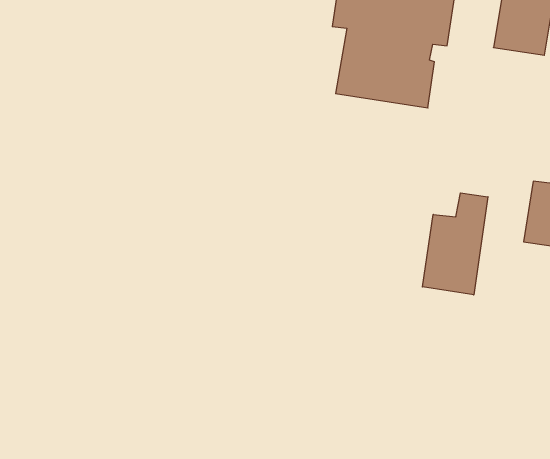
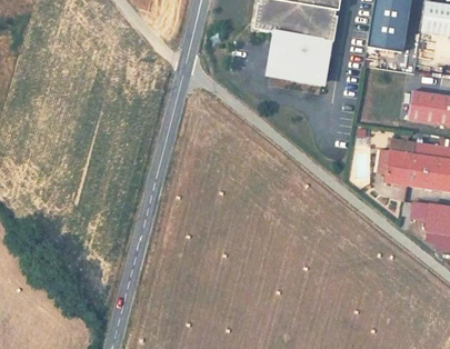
building: [422,193,488,295] -> none

